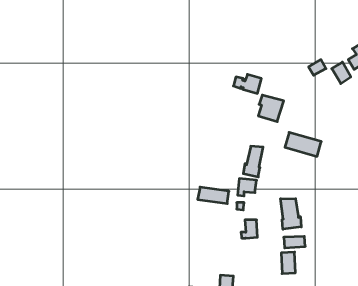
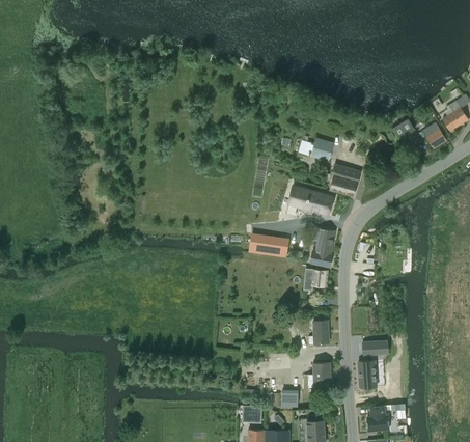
building: [285,132,321,156] -> [288,185,334,215]
building: [198,187,229,204] -> [249,234,288,255]
building: [281,199,301,229] -> none
building: none -> [313,362,331,387]

